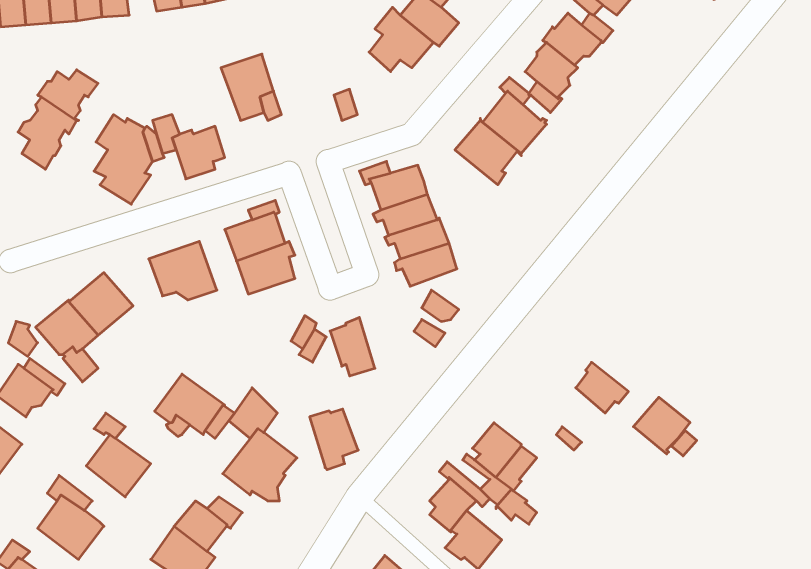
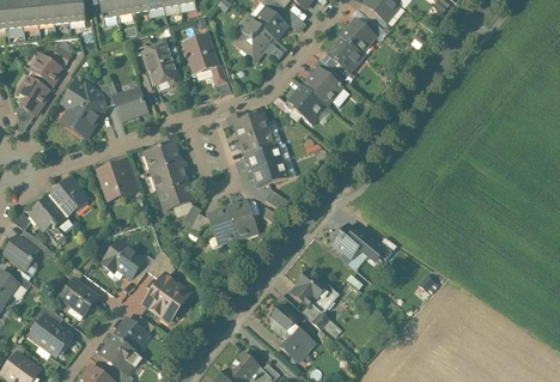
building: none -> [184,34,217,71]
building: none -> [159,181,194,210]
building: [633,397,690,454] -> [333,223,367,257]
building: [310,409,358,470] -> [227,200,257,237]

